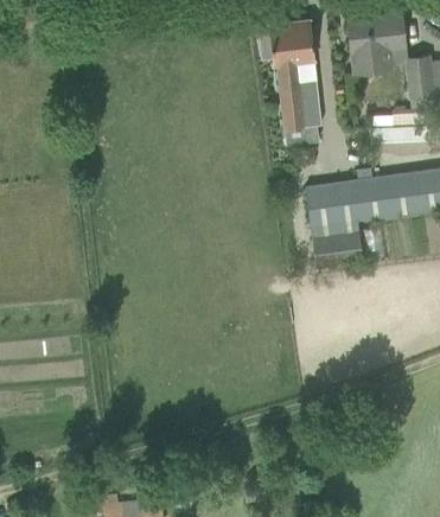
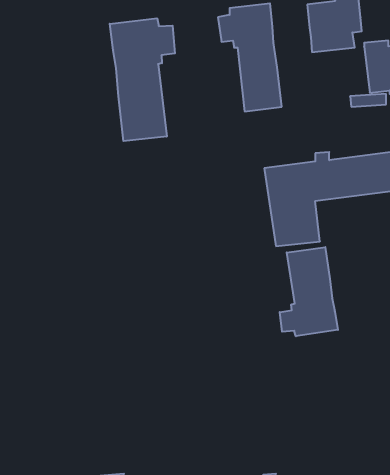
building: none -> [110,18,175,141]
building: none -> [280,247,338,336]

